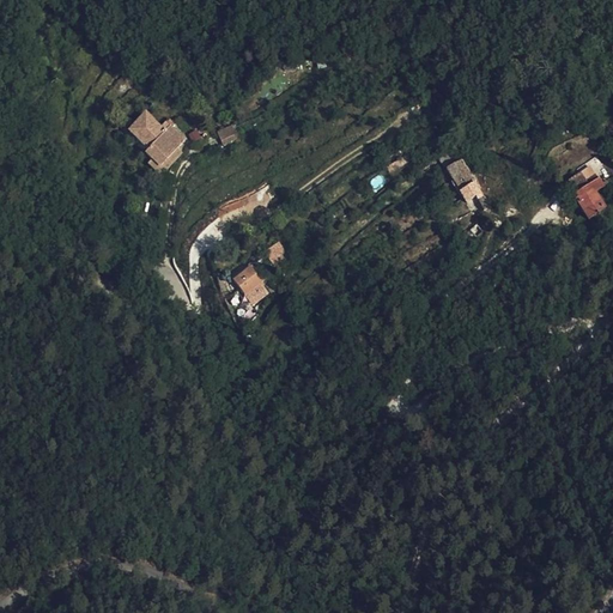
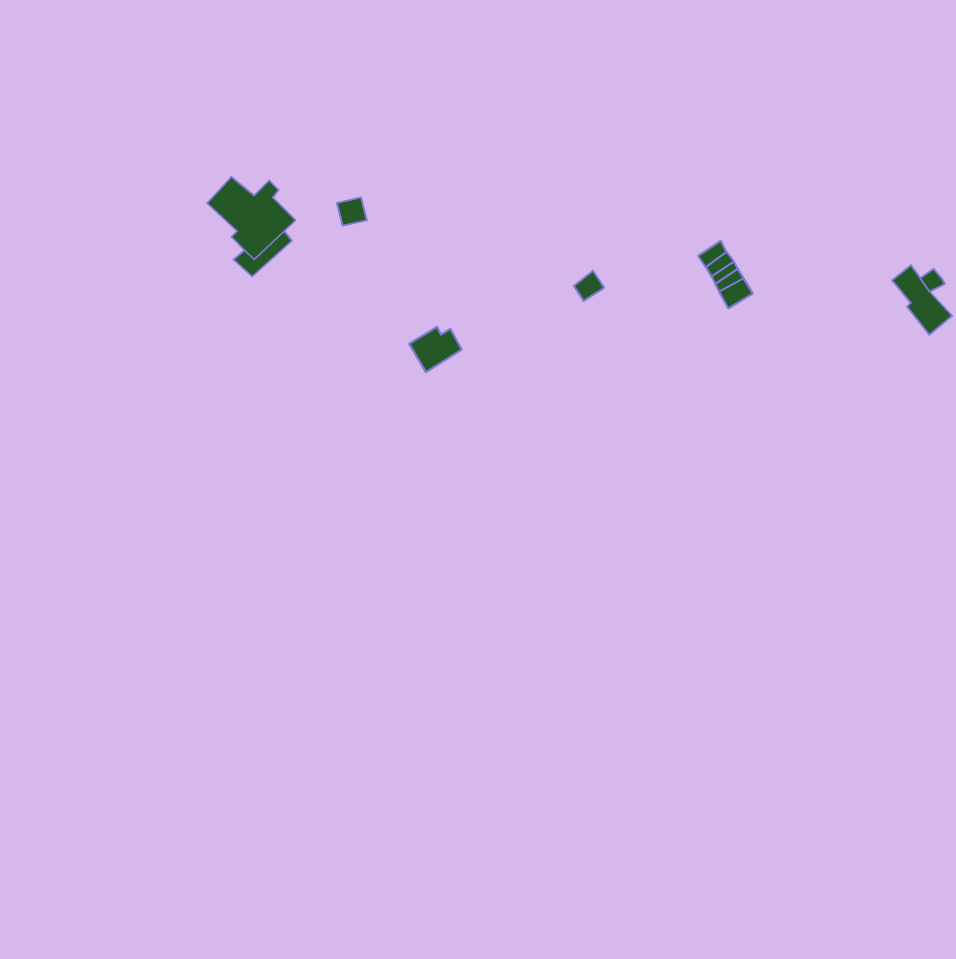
building: [232,267,266,296] -> [409,327,462,372]

